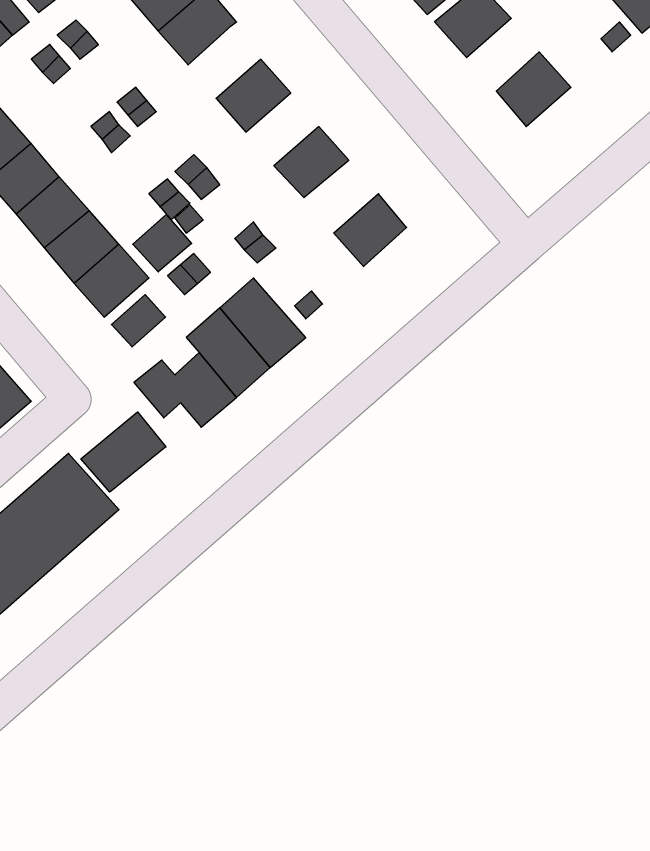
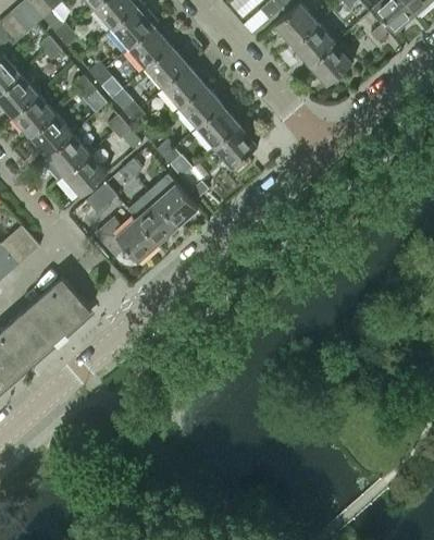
building: none -> [293,24,335,66]
building: none -> [131,28,173,71]
building: none -> [164,67,207,110]
building: none -> [198,107,241,149]
building: [133,215,192,272] -> none
building: [81,412,166,492] -> none

